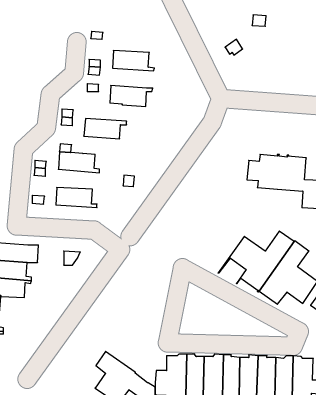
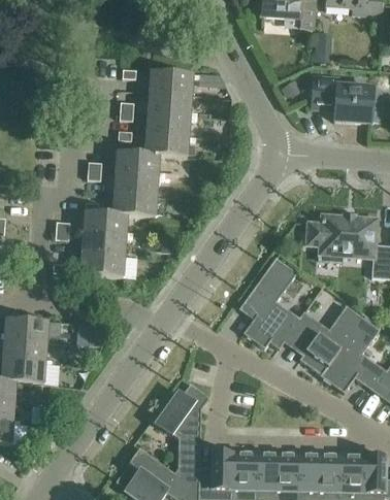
building: none -> [149,71,223,94]
building: none -> [311,77,372,123]
building: none -> [145,112,196,136]
building: none -> [116,152,177,176]
building: none -> [112,193,161,219]
building: none -> [82,232,132,256]
building: none -> [238,258,303,348]
building: none -> [156,393,200,485]

